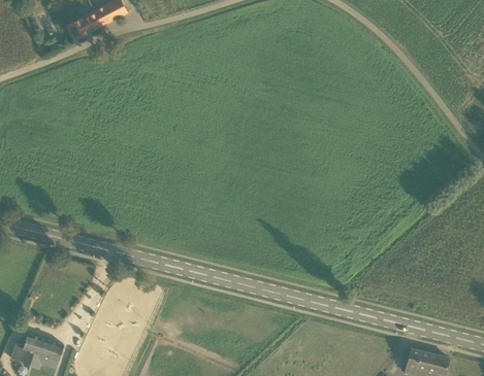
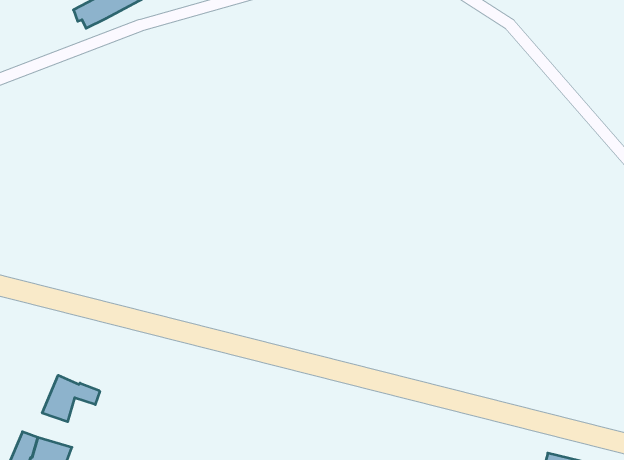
building: none -> [42,375,100,422]

